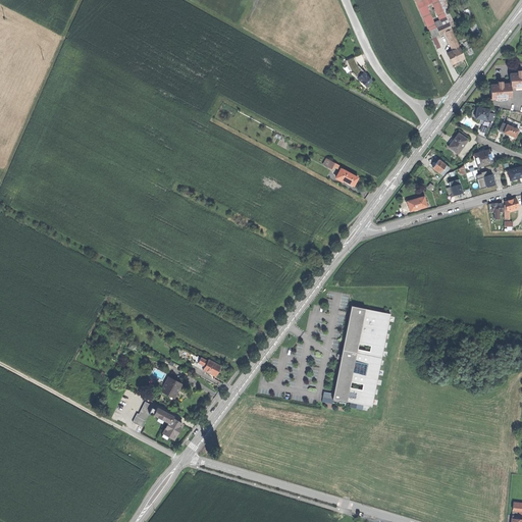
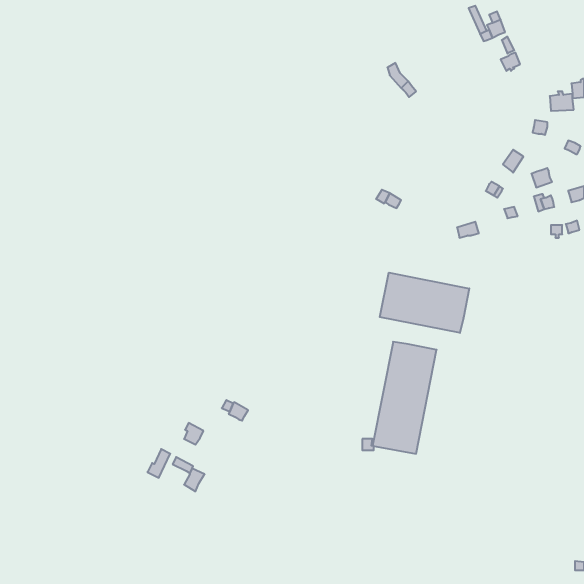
building: none -> [380,273,469,333]

